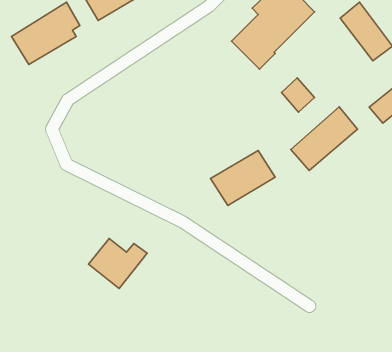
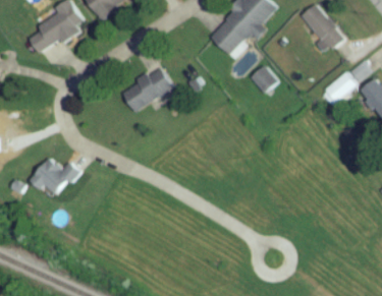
building: [291,107,357,170] -> none
building: [211,150,275,205] -> [119,67,173,113]
building: [89,239,147,289] -> [30,158,78,199]

